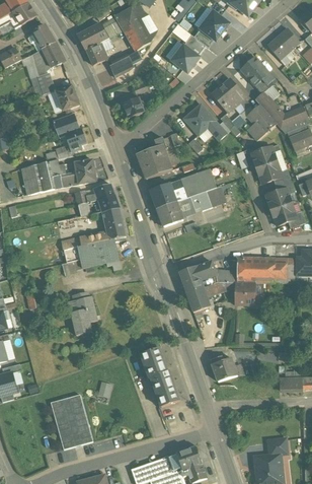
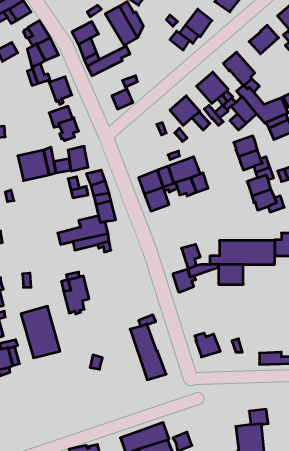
building: [170,44,200,73] -> none
building: [137,137,171,179] -> none
building: [179,266,203,293] -> none
building: [51,393,92,447] -> [21,306,60,358]
building: [176,444,202,469] -> none

